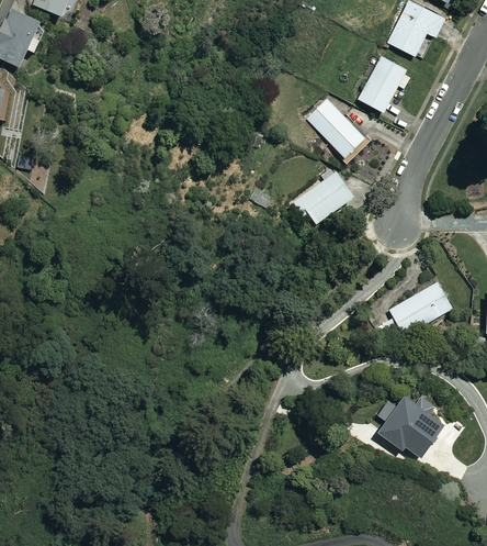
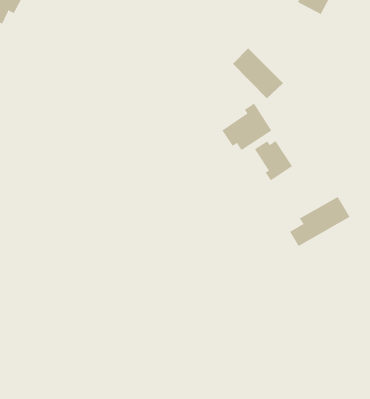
building: [358,56,408,113] -> none
building: none -> [254,140,293,181]
building: [378,395,446,458] -> none

